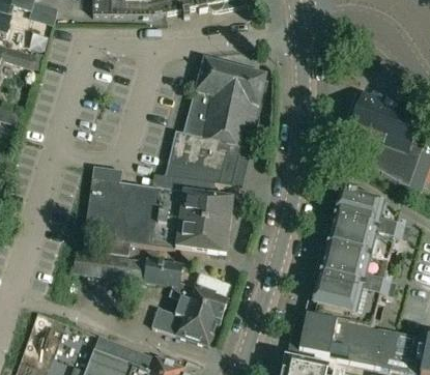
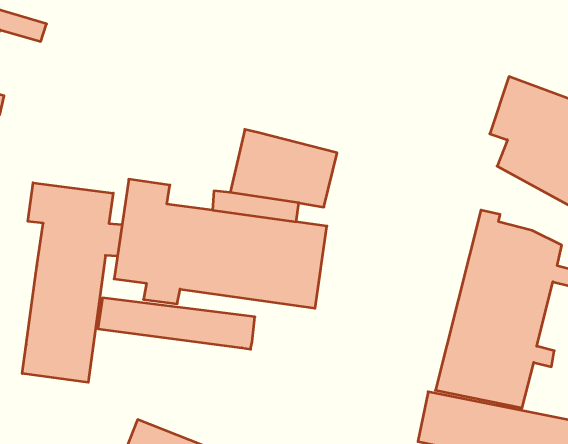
building: [184,57,264,146] -> none
building: none -> [22,183,122,382]
building: [152,270,231,344] -> none

